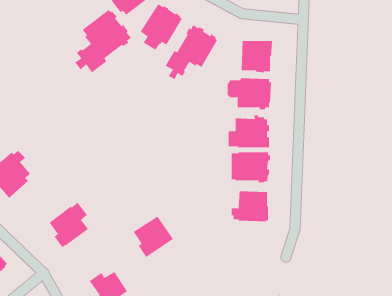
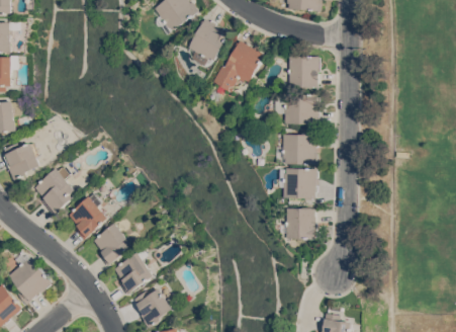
building: [74,9,132,73] -> none
building: none -> [69,193,109,240]
building: [133,216,174,258] -> [114,252,156,295]

